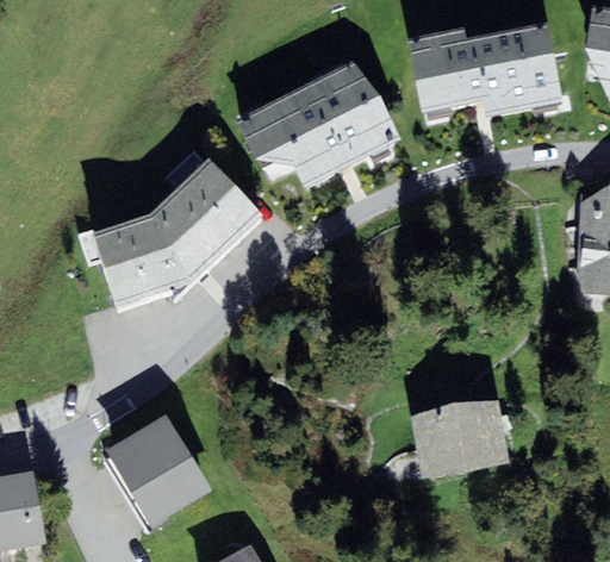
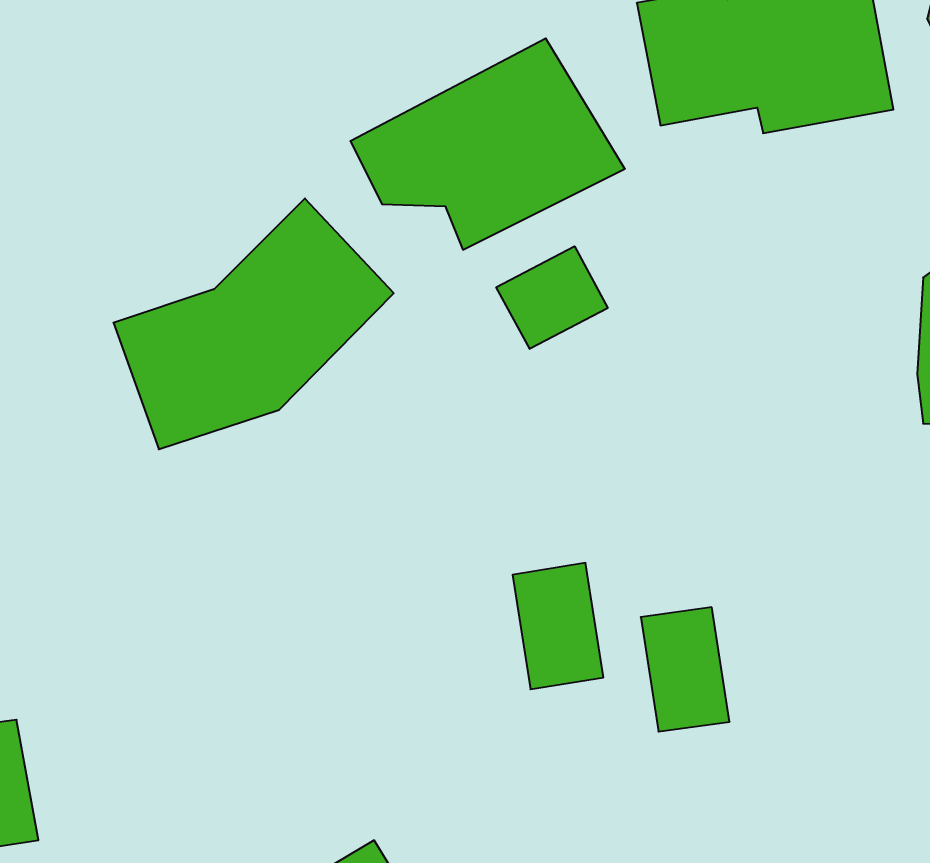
building: none -> [496,246,608,349]
building: [454,396,509,473] -> [513,563,603,689]
building: [105,413,212,526] -> none

